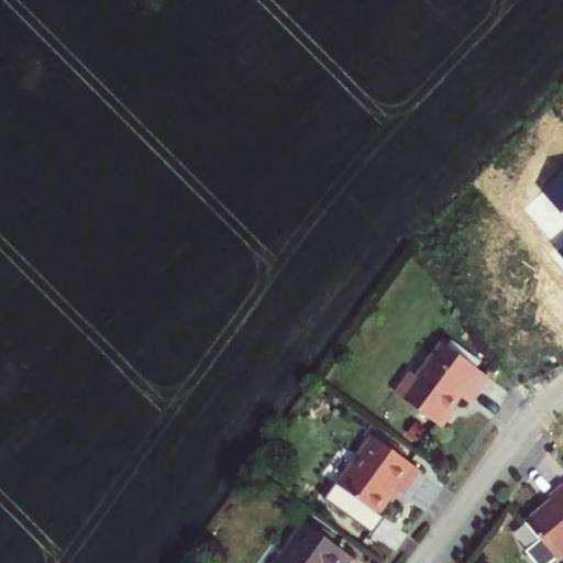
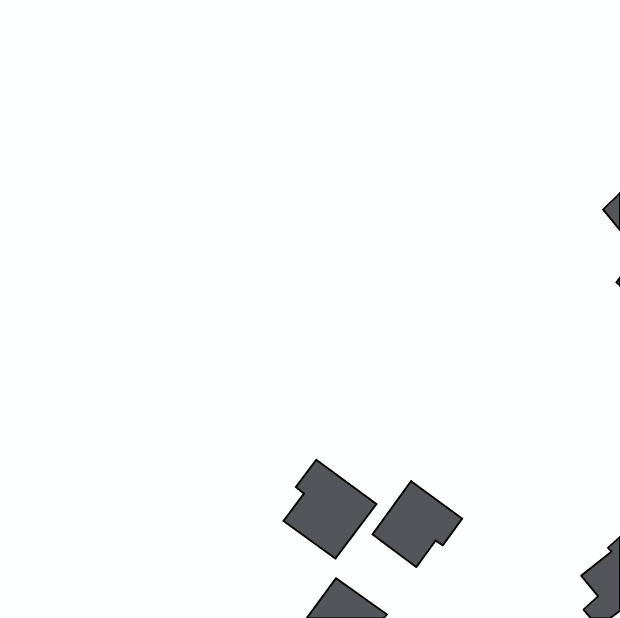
building: [394,342,487,427] -> none
building: none -> [283,460,377,559]

